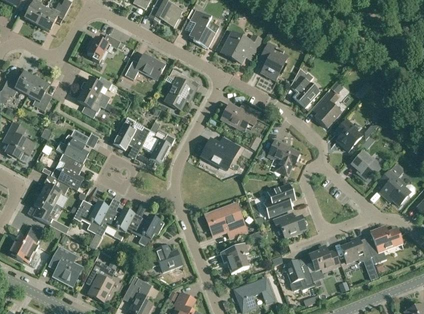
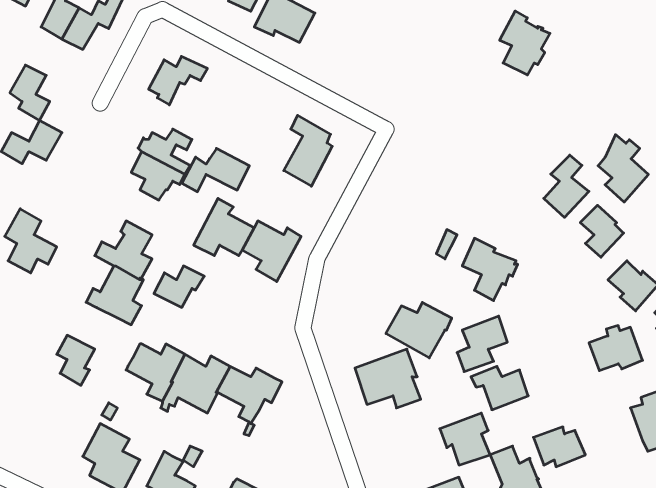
building: [189,8,215,48] -> none
building: [222,32,261,61] -> none
building: [259,42,288,79] -> [500,11,550,75]
building: [125,54,164,79] -> [182,148,249,192]
building: [289,68,318,107] -> [598,135,648,202]
building: [28,78,51,110] -> [10,65,50,120]
building: [221,103,259,131] -> none
building: [201,137,239,169] -> [386,302,452,358]
building: [40,179,69,203] -> [154,266,204,307]
building: [9,226,42,263] -> none
building: [341,236,372,262] -> [589,326,643,371]
building: [220,242,249,272] -> [440,413,490,465]
building: [147,247,182,271] -> none

